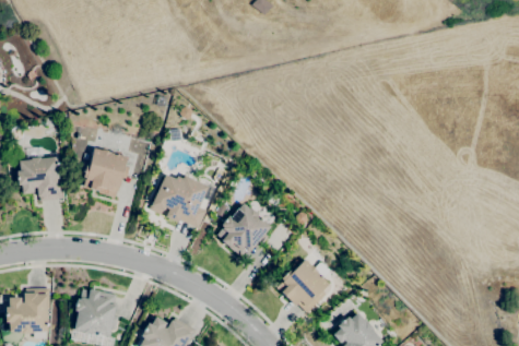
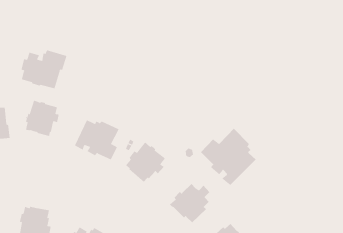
building: none -> [21,50,67,89]
building: none -> [200,128,256,186]

